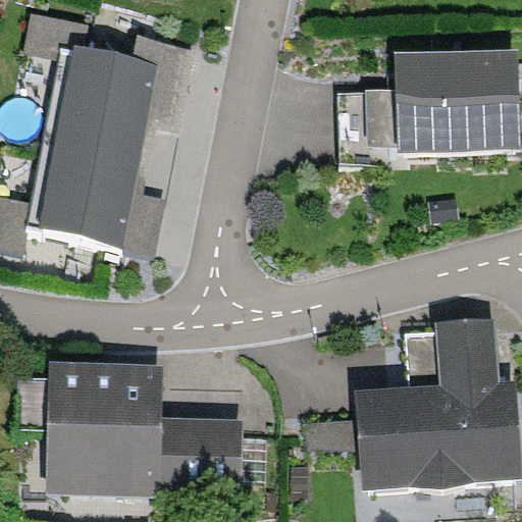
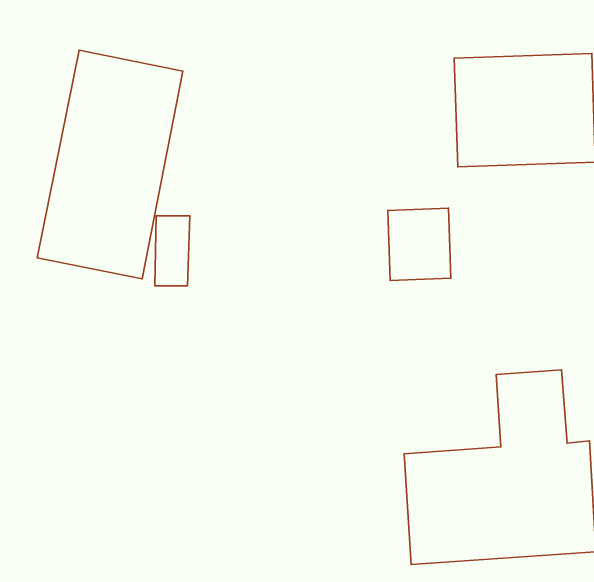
building: [346,82,401,145] -> [388,208,451,280]
building: [44,367,244,501] -> none

